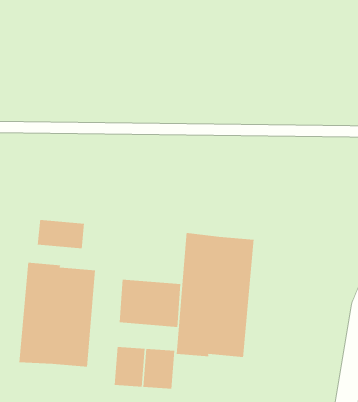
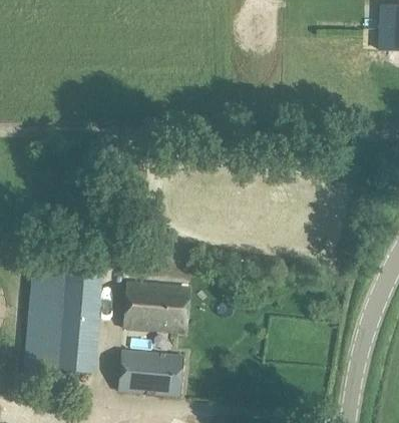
building: [37,219,85,249] -> none
building: [176,232,254,358] -> none

